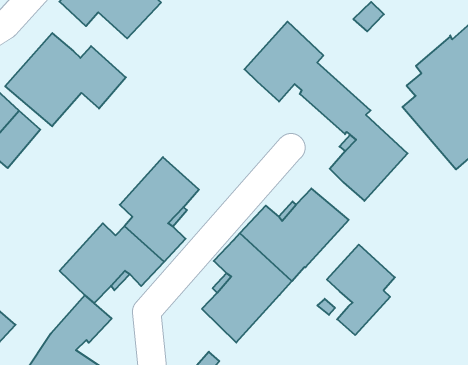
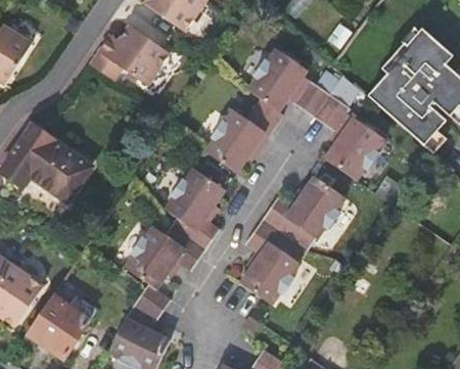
building: [5,33,126,126] -> none
building: none -> [204,99,282,174]
building: [327,245,395,335] -> none

